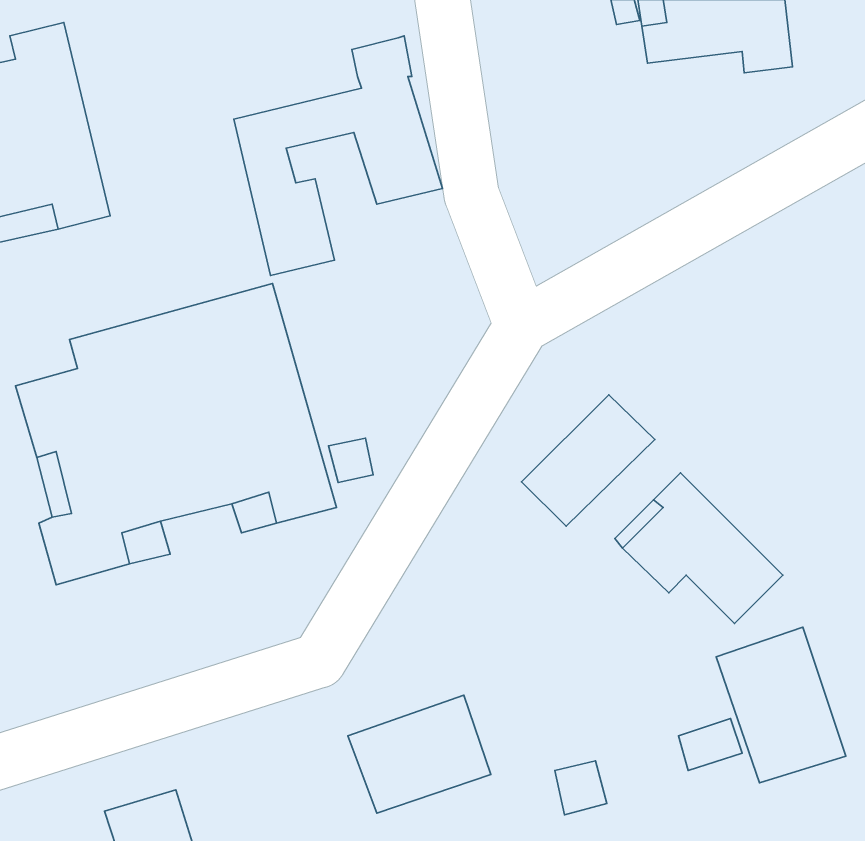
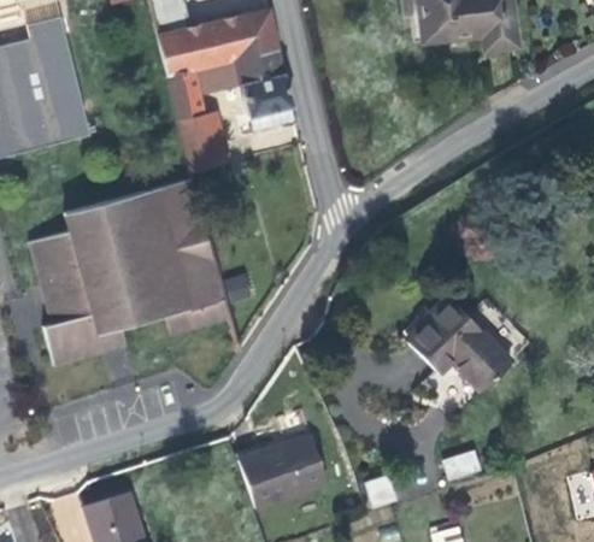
building: none -> [155,8,271,75]
building: [522,395,655,526] -> none
building: [716,627,846,783] -> none

